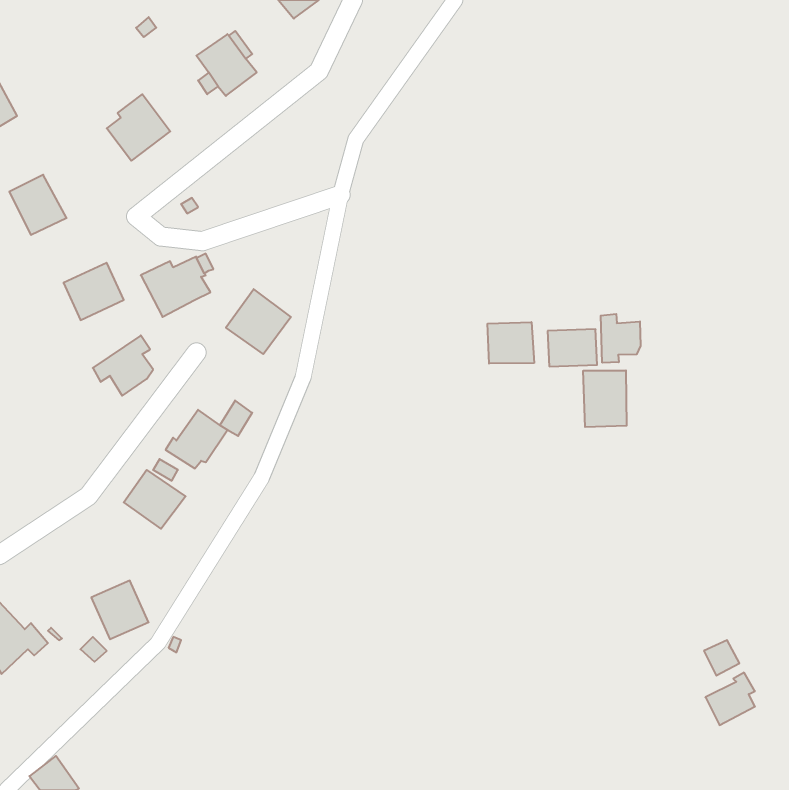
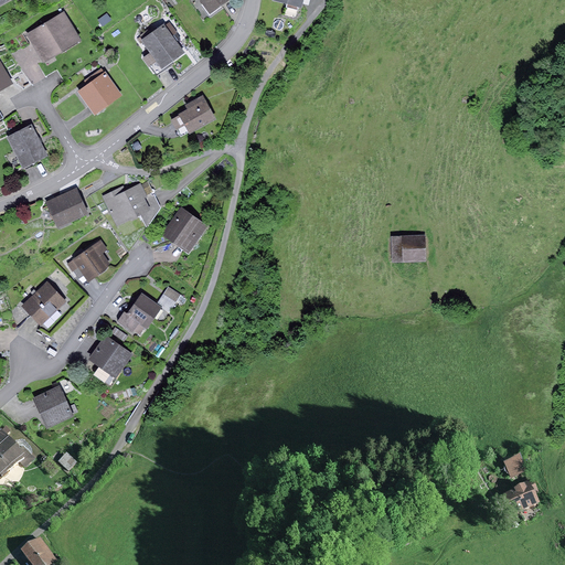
building: none -> [25,11,81,62]
building: none -> [170,95,215,137]
building: [601,314,641,363] -> none
building: [488,322,534,364] -> none
building: [583,370,627,427] -> none
building: none -> [21,281,65,326]
building: [91,581,149,639] -> [32,385,73,427]

